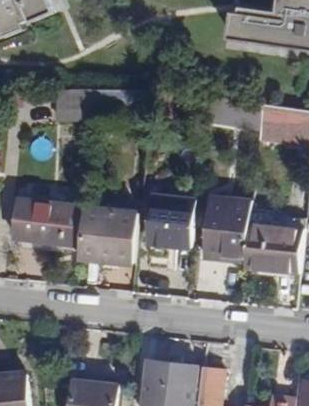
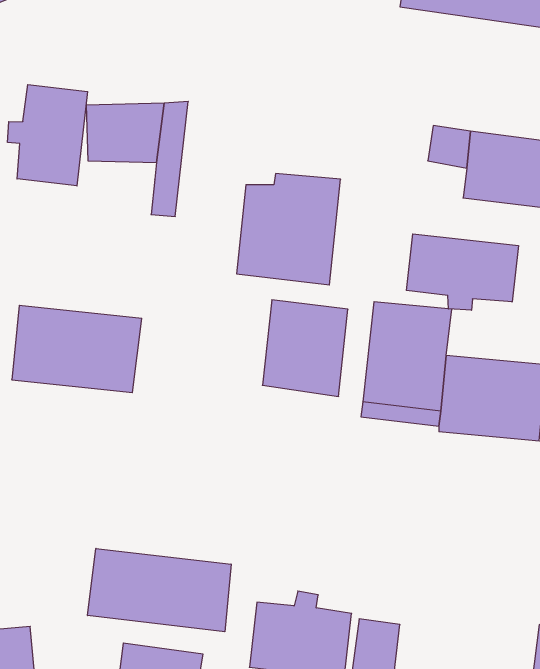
building: none -> [8,85,88,186]
building: none -> [406,234,518,310]
building: [81,205,137,265] -> [237,174,341,285]
building: none -> [88,548,231,632]

